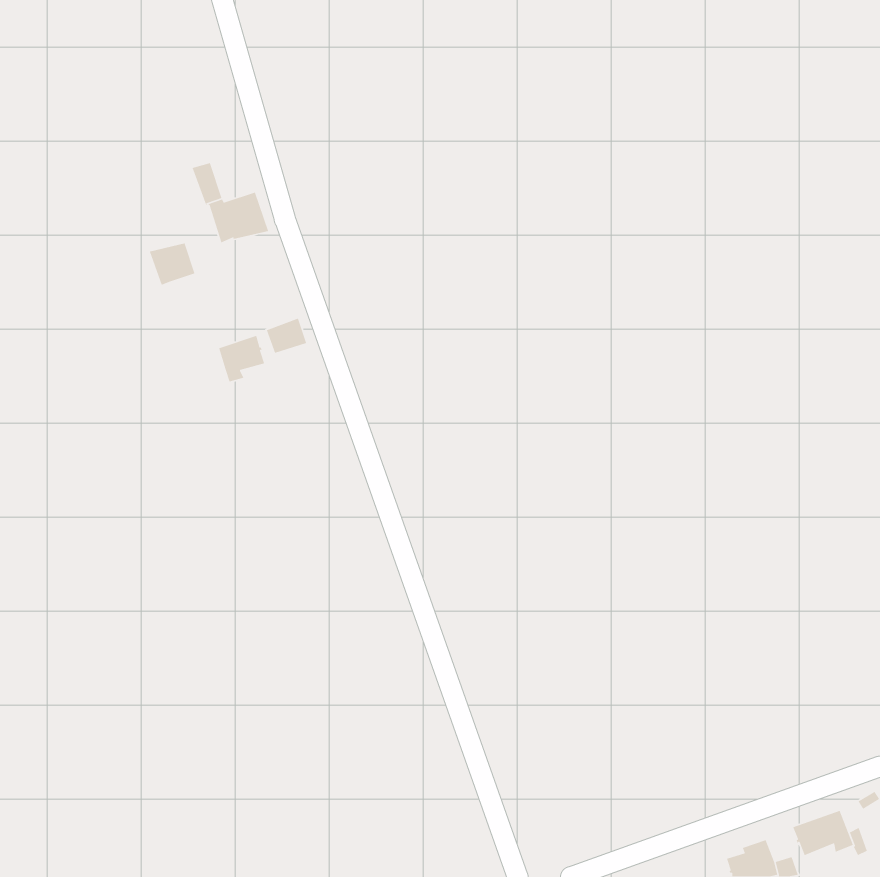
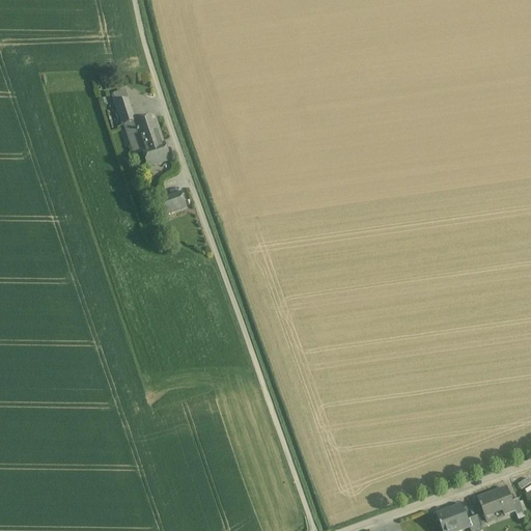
building: [149,243,196,286] -> [140,139,168,165]
building: [218,335,265,383] -> none

